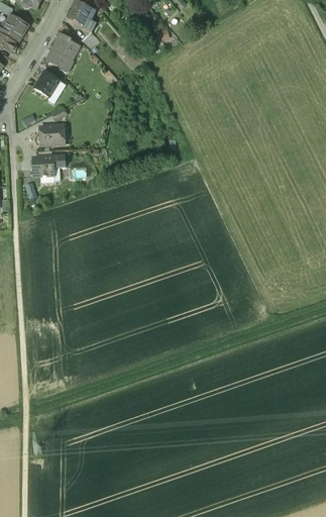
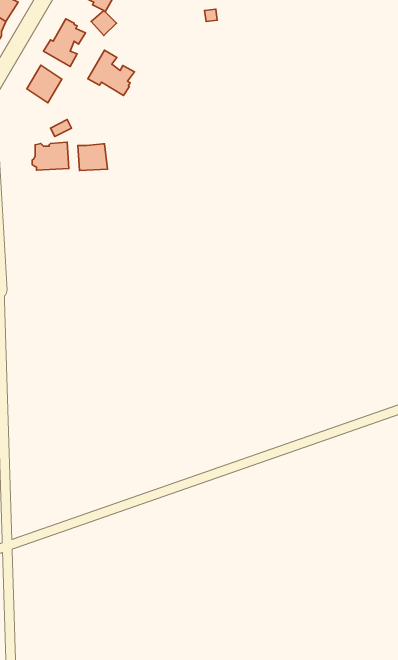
building: none -> [88,50,134,95]
building: [33,157,55,176] -> [78,144,107,171]

